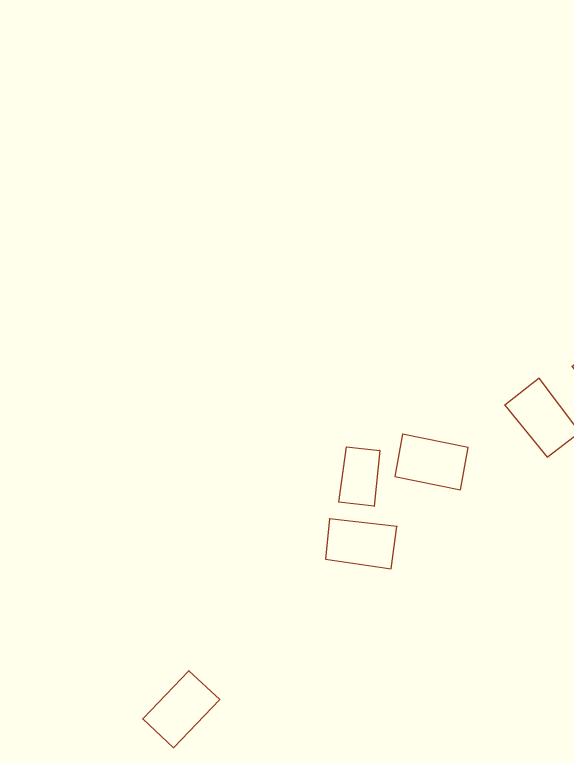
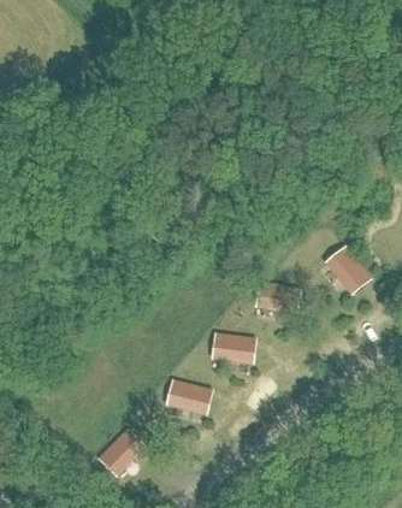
building: [339,447,380,506] -> none
building: none -> [166,378,213,414]

